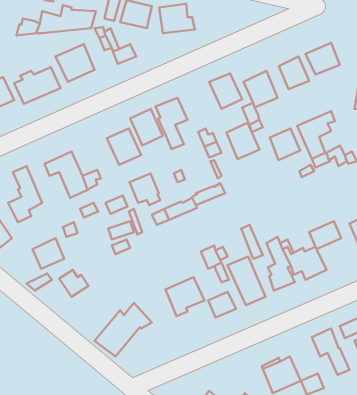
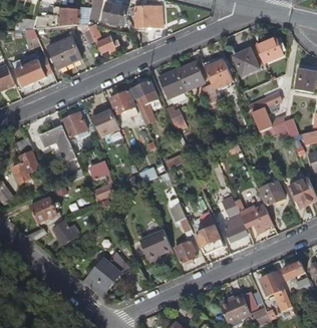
building: [227,123,260,159] -> [158,68,186,98]
building: [270,129,300,160] -> none
building: [130,173,160,205] -> [61,111,86,137]

